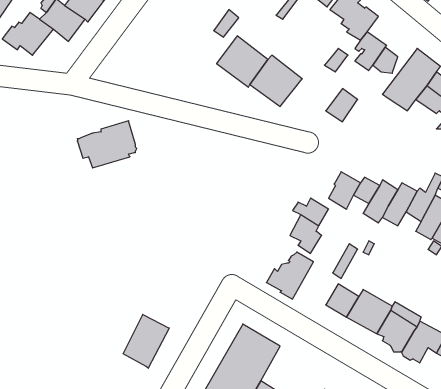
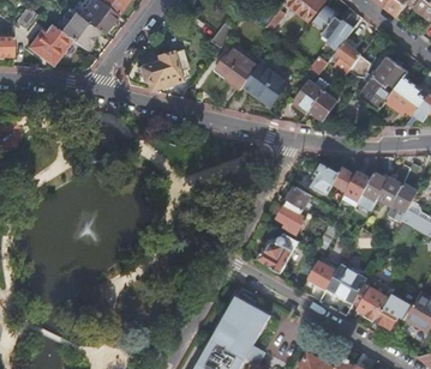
building: none -> [294,77,330,113]
building: [77,121,137,168] -> [138,49,190,90]
building: [123,314,169,368] -> none

